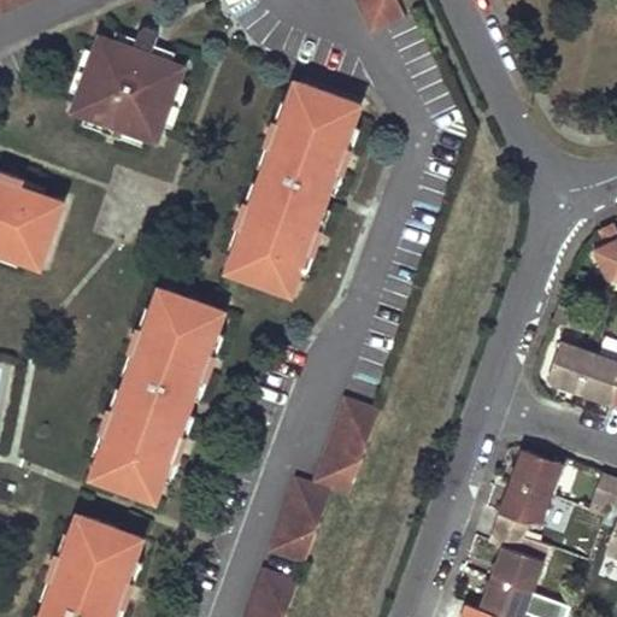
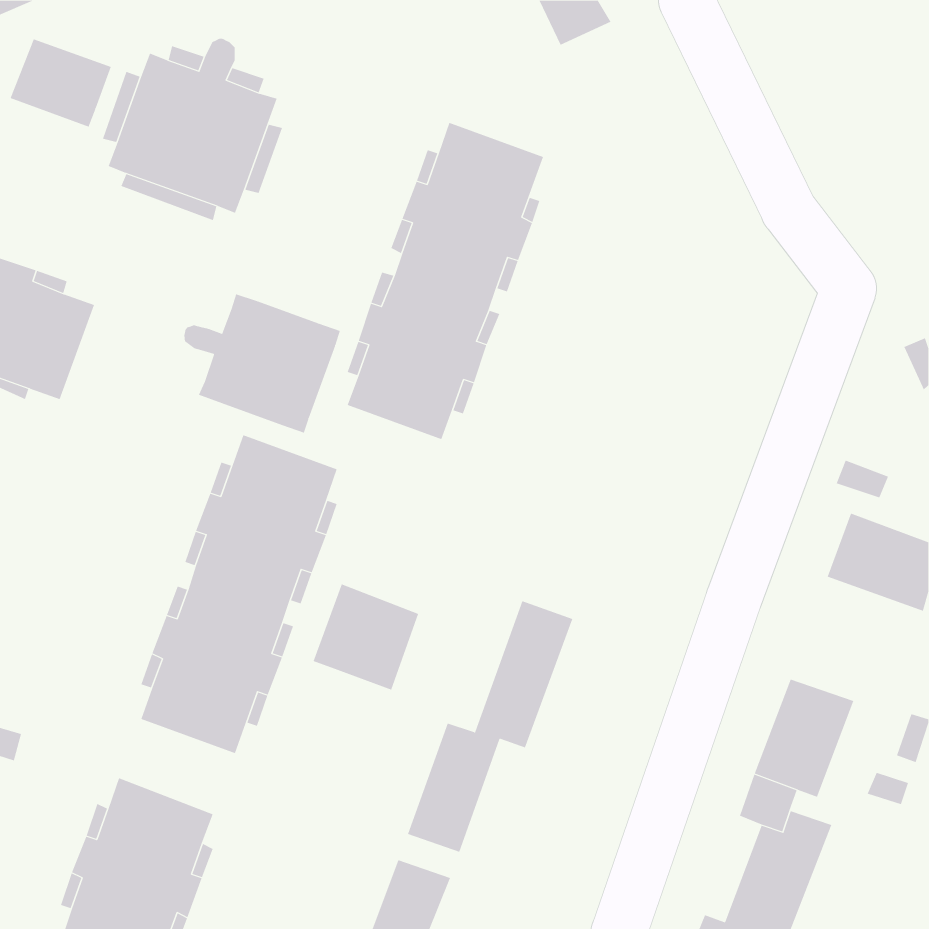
building: none -> [10,39,111,127]
building: none -> [184,293,341,433]
building: none -> [313,584,419,690]

